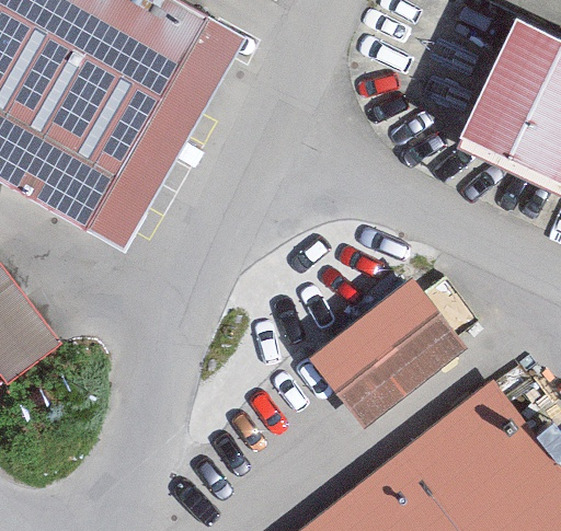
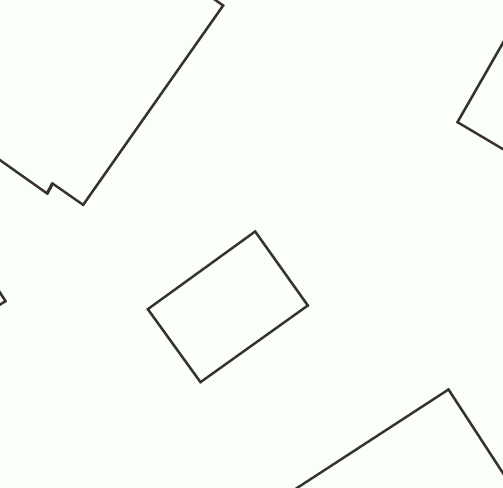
building: [312,282,463,429] -> [148,231,308,382]

